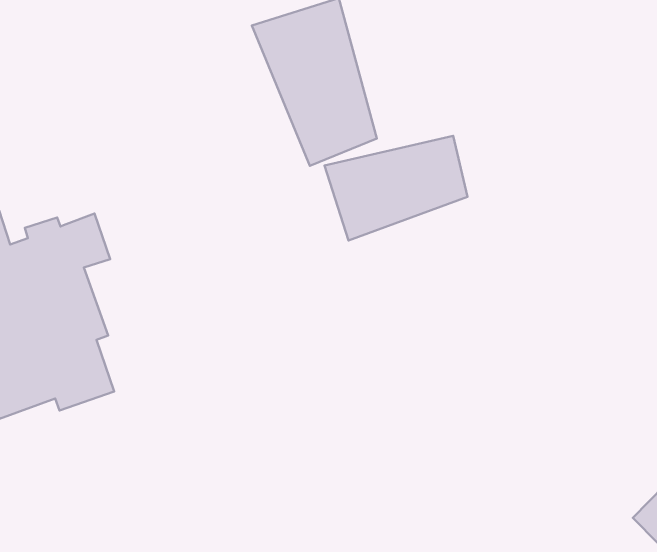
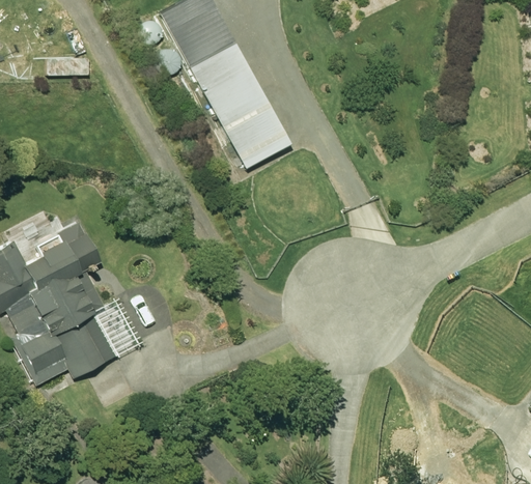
building: [324,136,467,240] -> none

